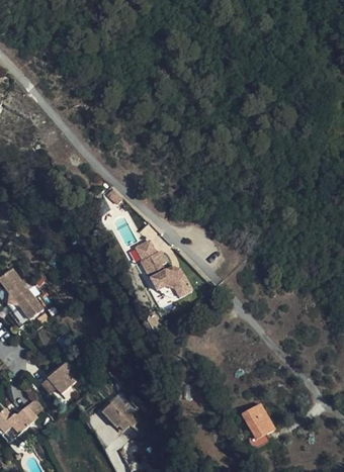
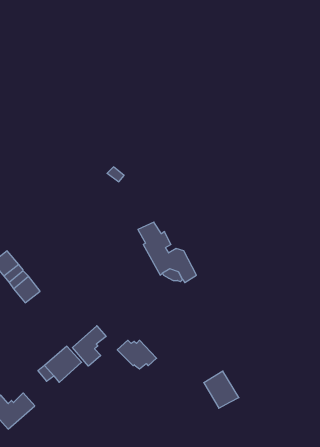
building: none -> [72,326,106,366]
building: [99,402,137,430] -> [117,340,157,369]
building: [242,403,275,439] -> [204,371,239,408]

